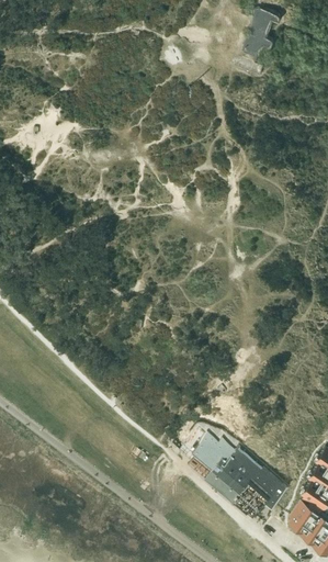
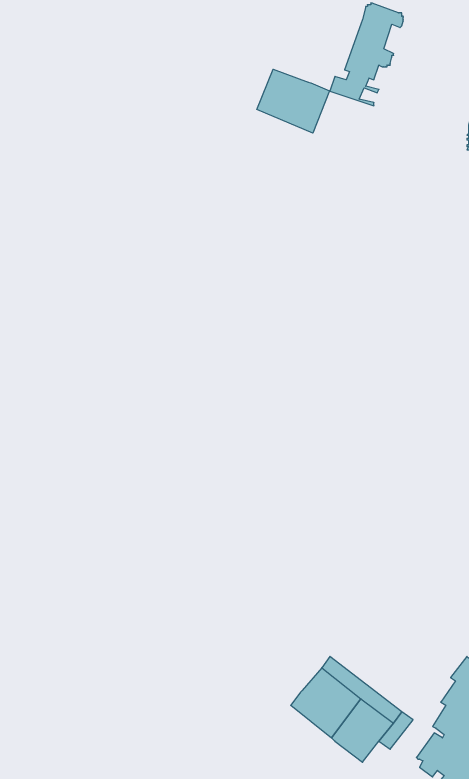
building: none -> [257,69,329,133]
building: [194,437,231,470] -> none

